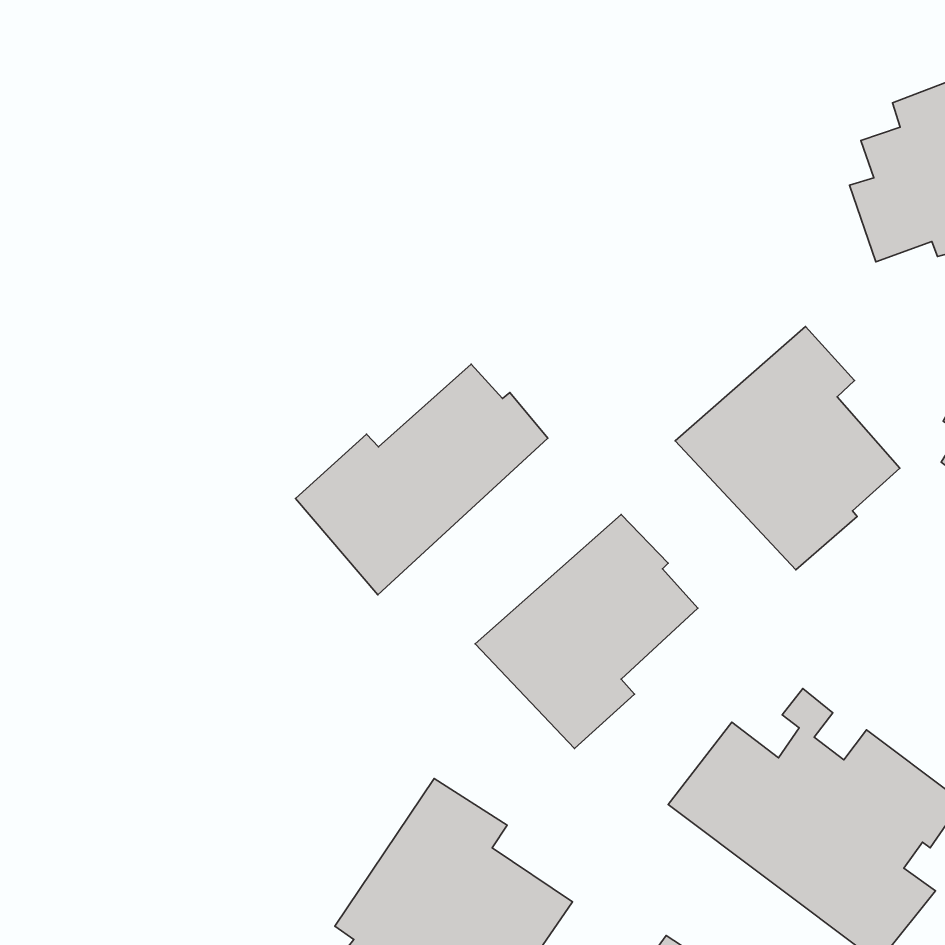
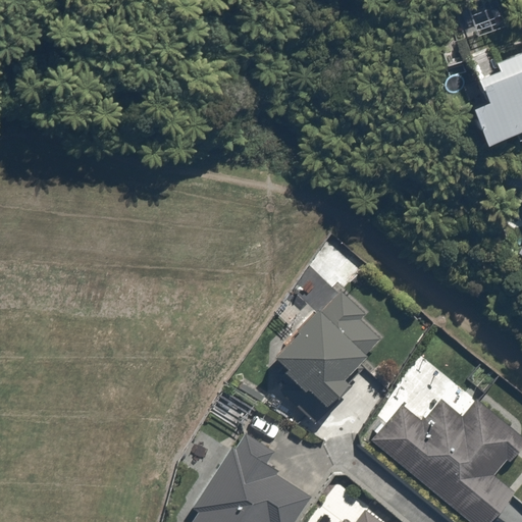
building: [675,326,900,570] -> none
building: [296,364,548,595] -> none

